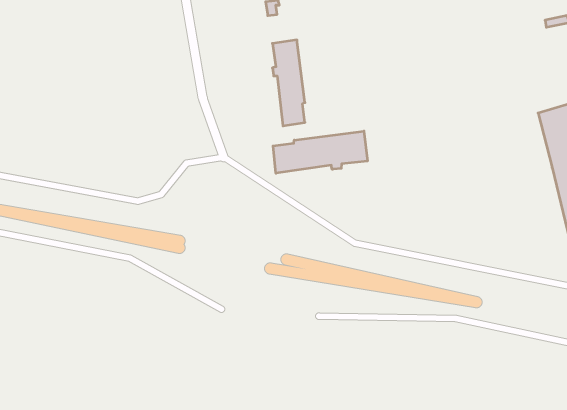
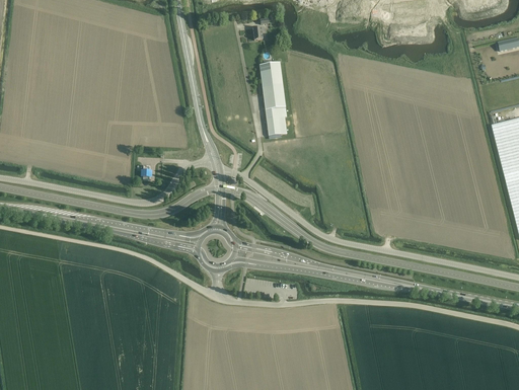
building: [273,131,367,173] -> none

